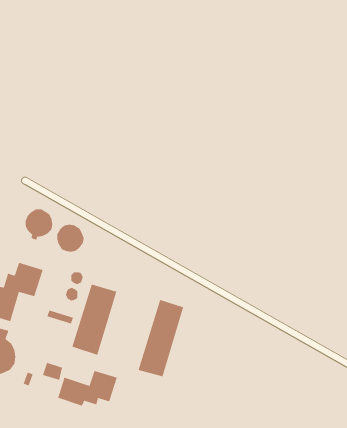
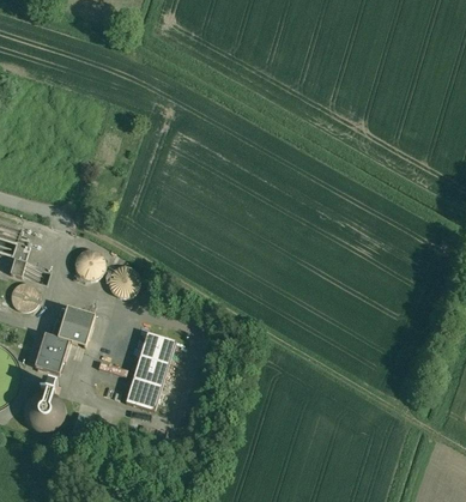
building: [138,299,184,377] -> none
building: [57,370,117,406] -> none

